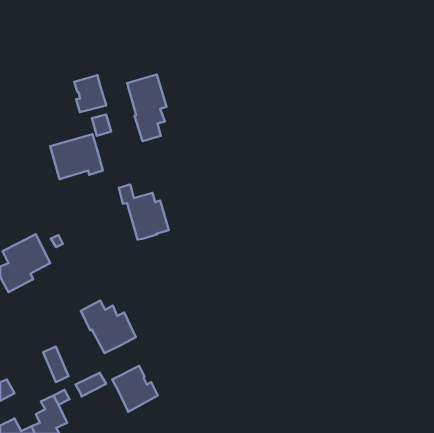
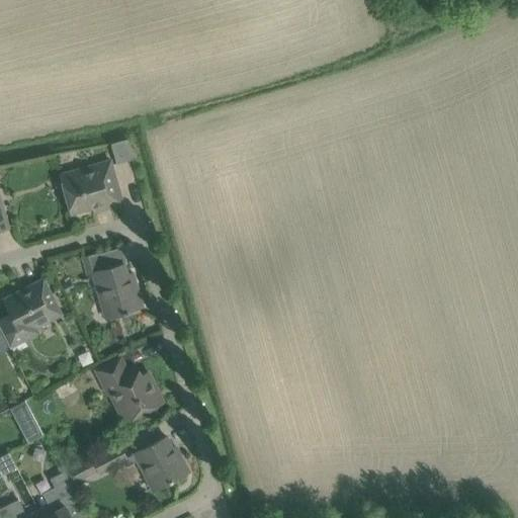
building: [127,75,167,141] -> none
building: [74,75,106,112] -> none
building: [119,184,169,240] -> [83,254,143,320]
building: [43,346,69,382] -> [10,400,40,442]

